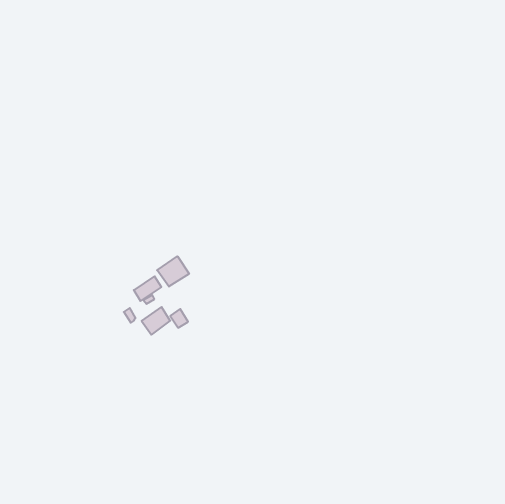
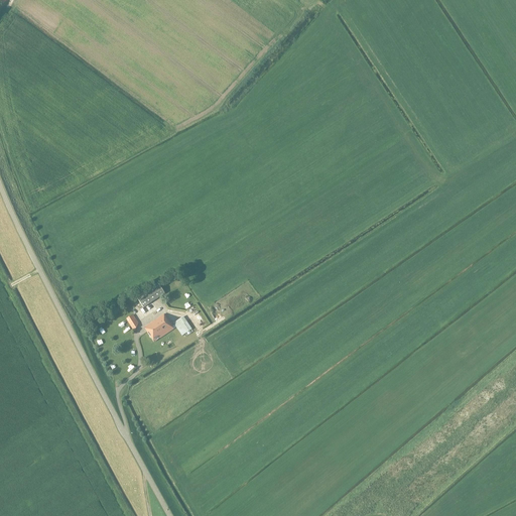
building: [157,256,189,287] -> none

